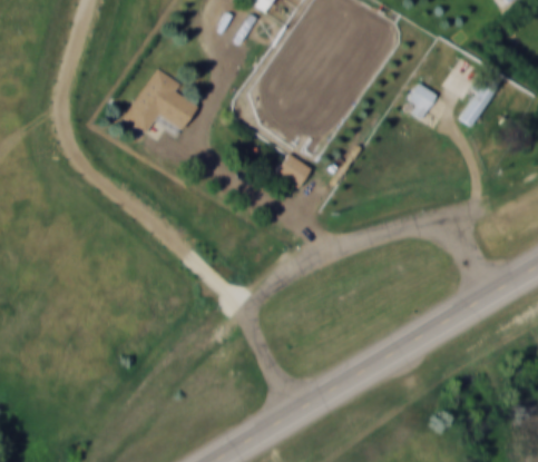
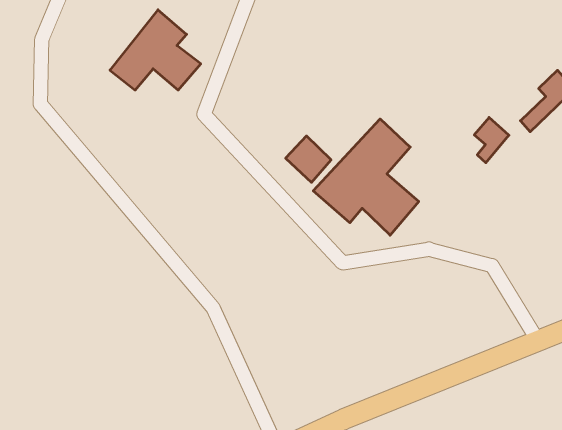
building: [409,82,437,119] -> [474,117,509,163]
building: none -> [313,119,419,235]

